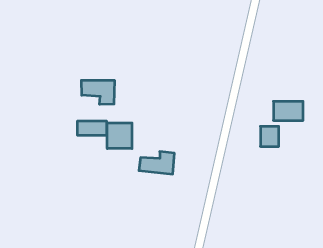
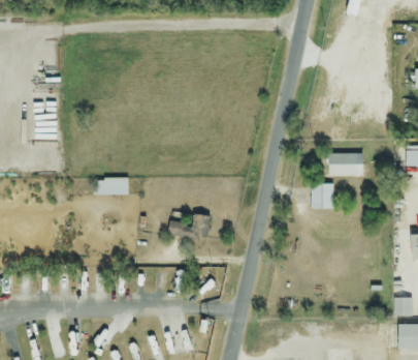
building: [81,80,114,104] -> none
building: [107,123,132,149] -> none

